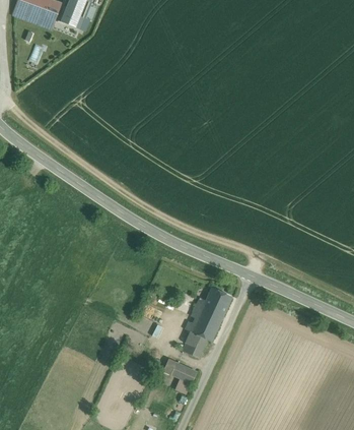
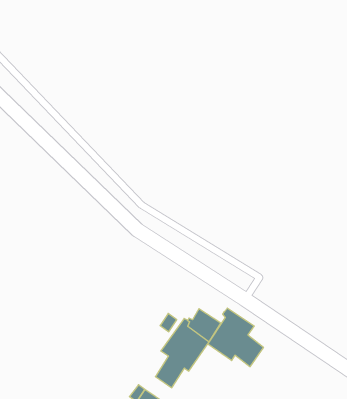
building: none -> [208,308,263,367]

